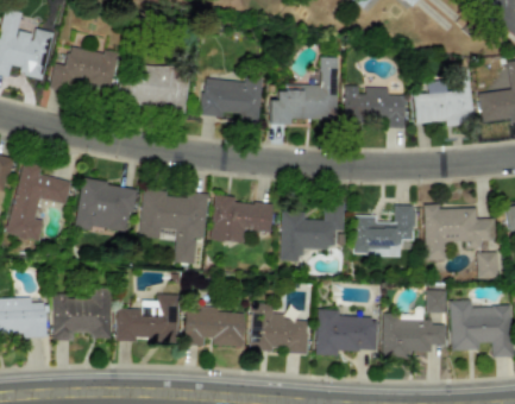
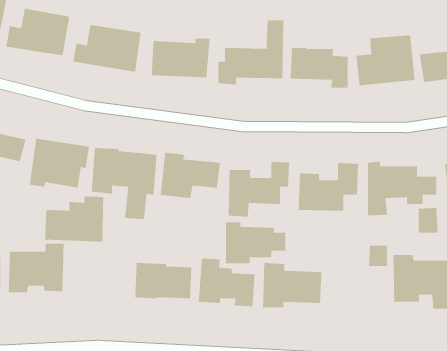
building: [117,293,178,342] -> [44,195,104,243]
building: [383,314,446,358] -> [225,221,286,264]

